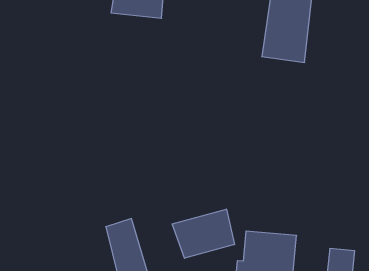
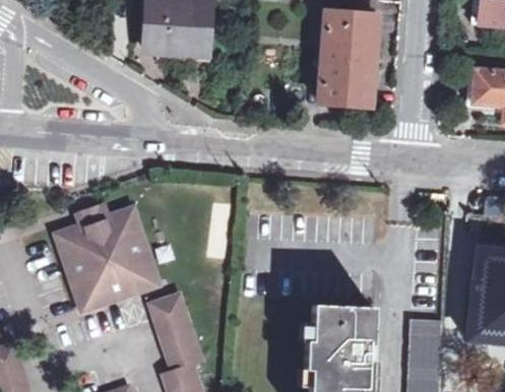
building: none -> [58,204,154,310]
building: [172,209,234,258] -> none

